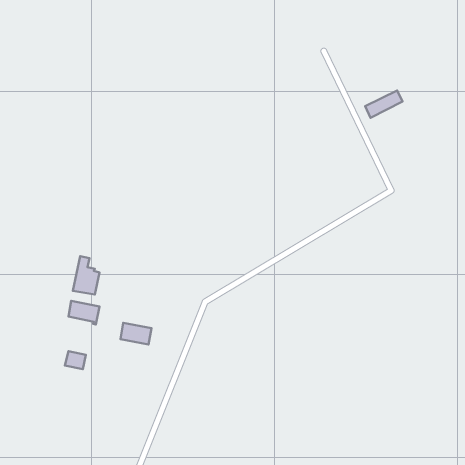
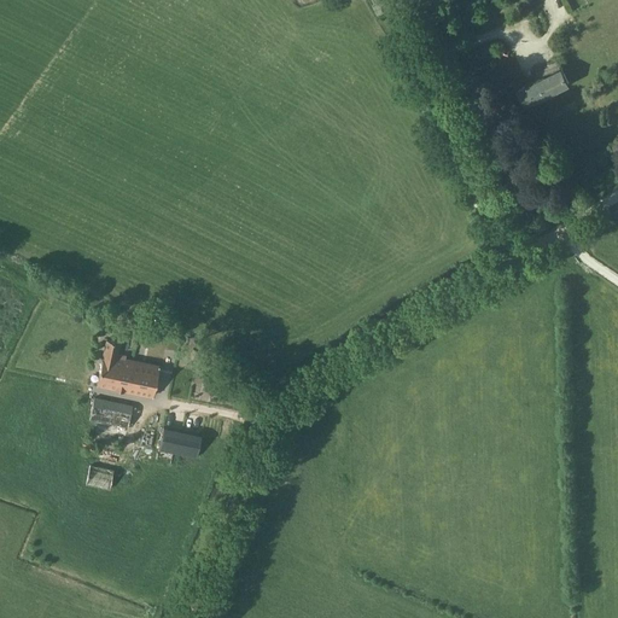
building: [365,91,403,118] -> [519,70,569,106]
building: none -> [127,362,159,397]

